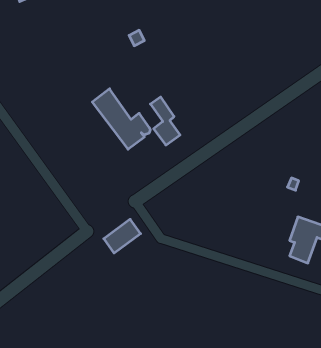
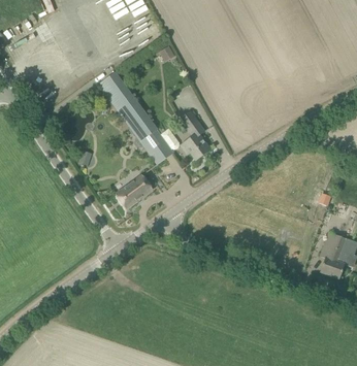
building: none -> [98,71,139,117]
building: [104,219,141,253] -> [116,174,153,208]

